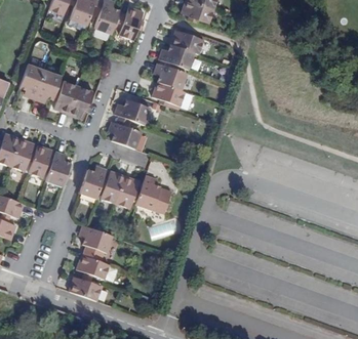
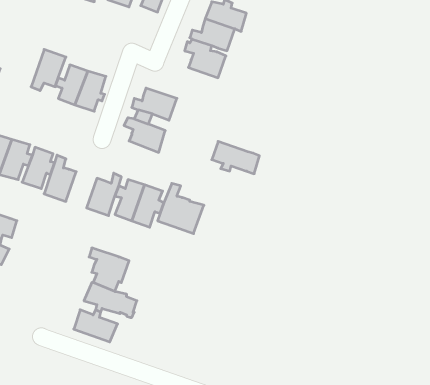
building: [18,62,43,97] -> none
building: [153,82,191,108] -> [212,141,259,174]

